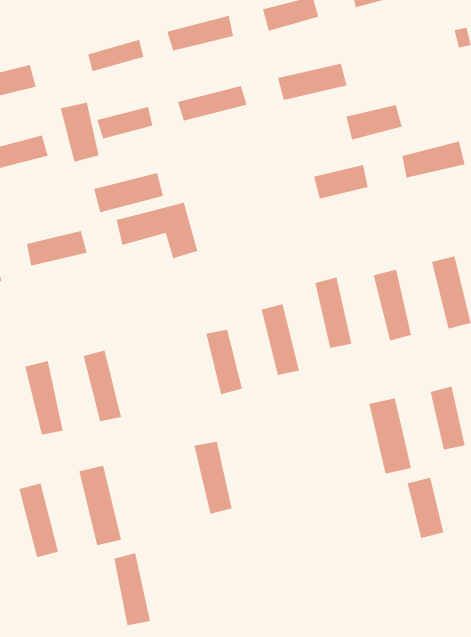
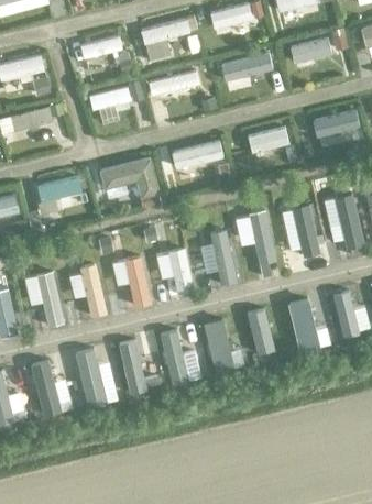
building: [60,102,99,162] -> none
building: [346,104,402,140] -> [289,37,331,64]
building: [94,172,164,213] -> [172,140,223,169]
building: none -> [123,256,152,307]
building: none -> [204,320,234,375]
building: [407,477,444,539] -> [248,310,275,355]
building: [113,553,151,626] -> [119,340,146,394]

